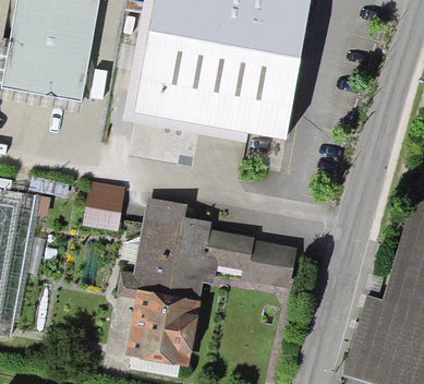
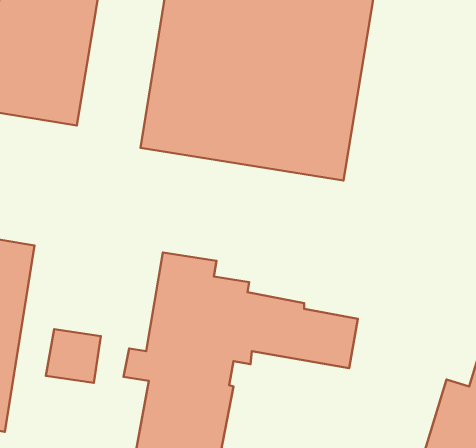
building: [82,187,124,228] -> [46,329,101,383]

